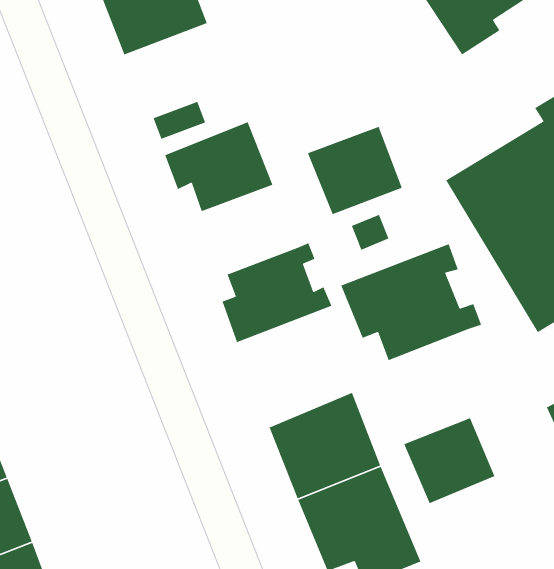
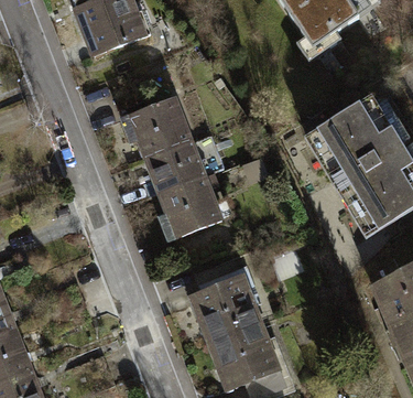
building: [307,126,403,215] -> [144,139,207,197]
building: [340,243,482,361] -> none
building: [403,417,496,504] -> none

